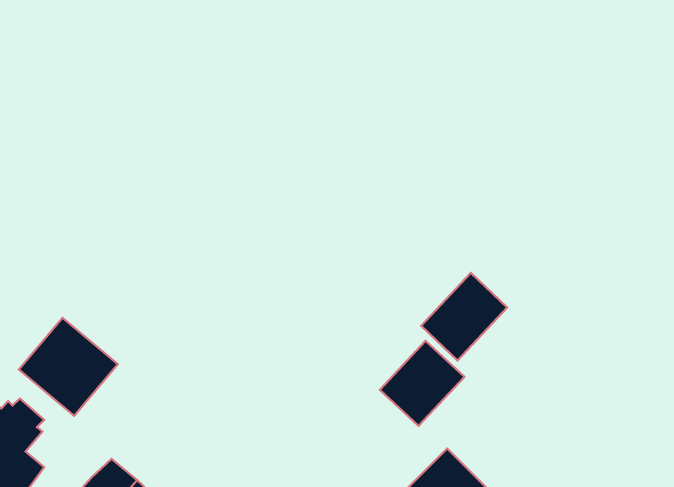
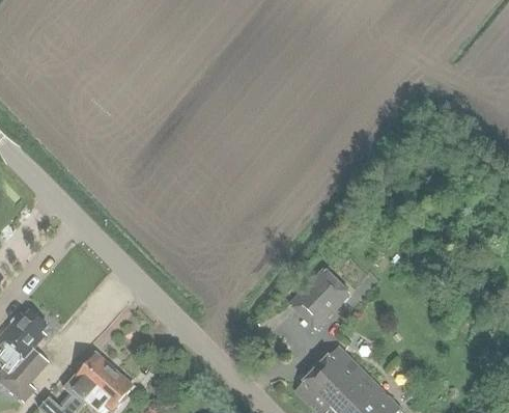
building: [421,273,507,361] -> none
building: [19,318,118,416] -> none

